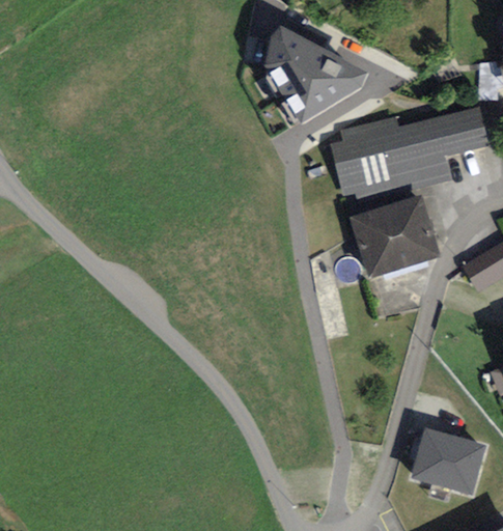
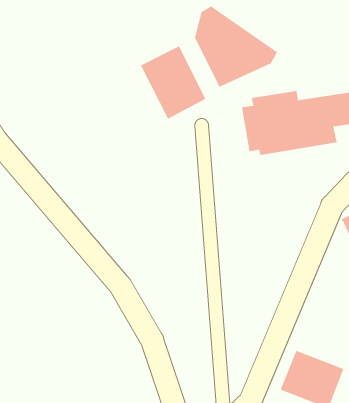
building: none -> [140,46,206,120]
building: [347,192,443,278] -> none

